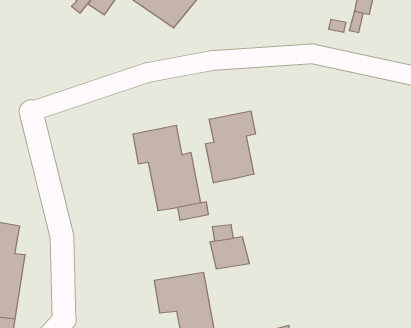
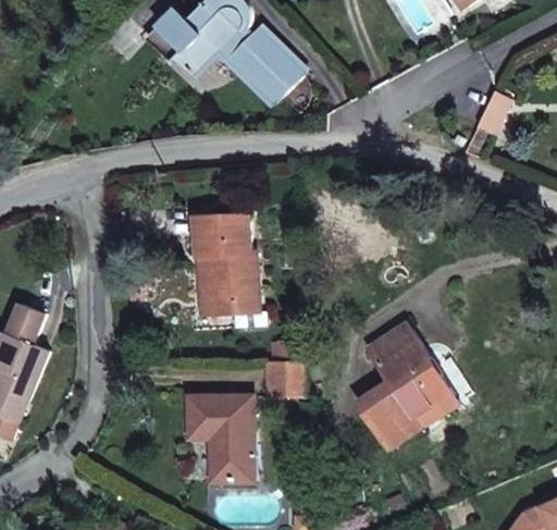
building: [206,111,256,183] -> none
building: none -> [354,322,447,447]

